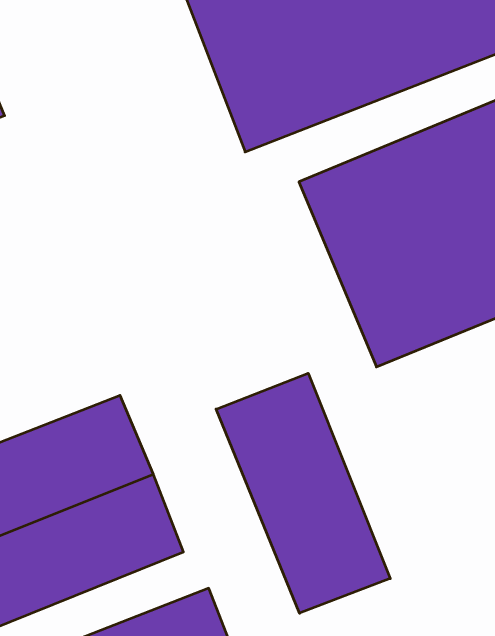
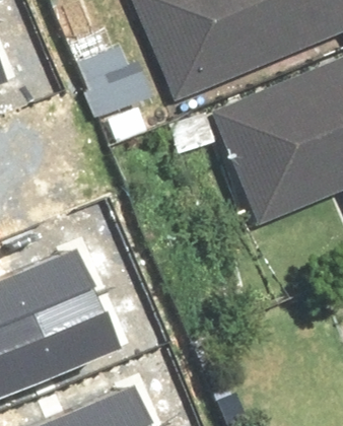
building: [216,373,390,613] -> none

